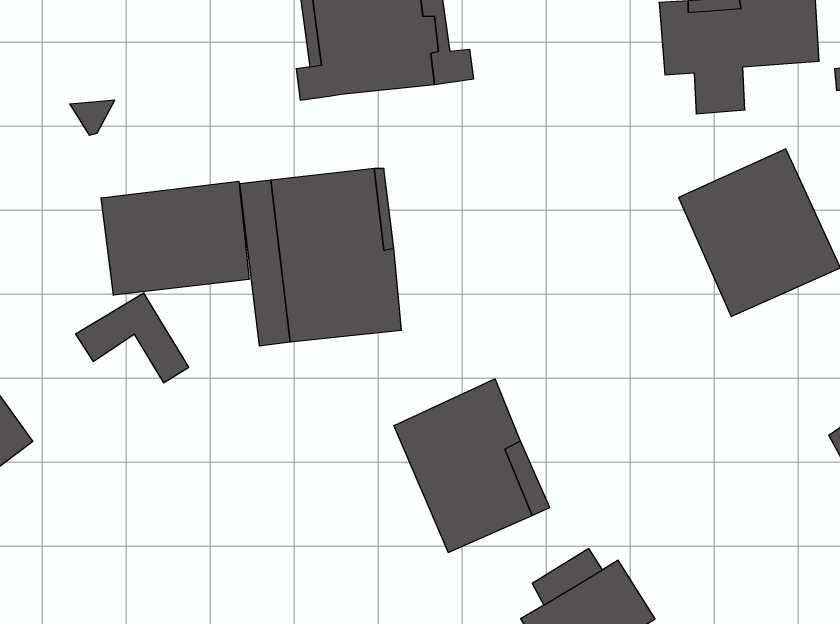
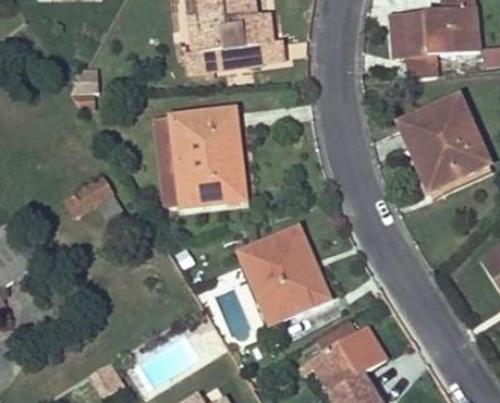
building: [101,181,249,295] -> none

